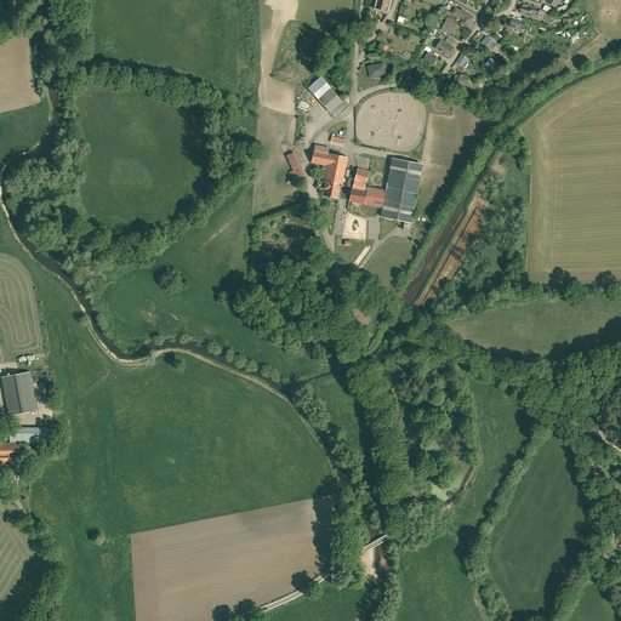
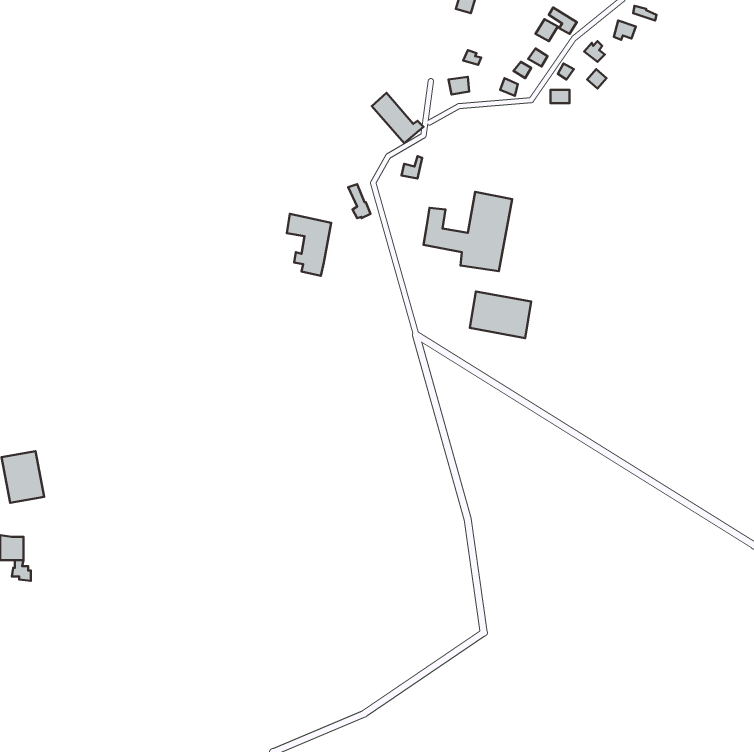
building: [312,146,348,196] -> [287,214,331,276]
building: none -> [470,292,531,338]

